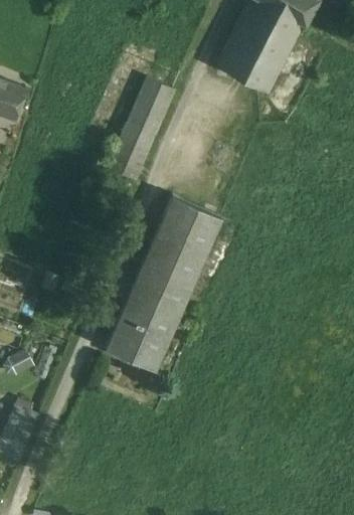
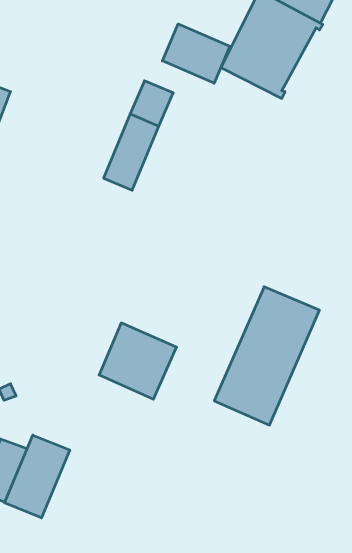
building: none -> [162,24,230,83]
building: [126,196,221,322] -> [214,287,319,425]
building: none -> [5,435,70,518]

